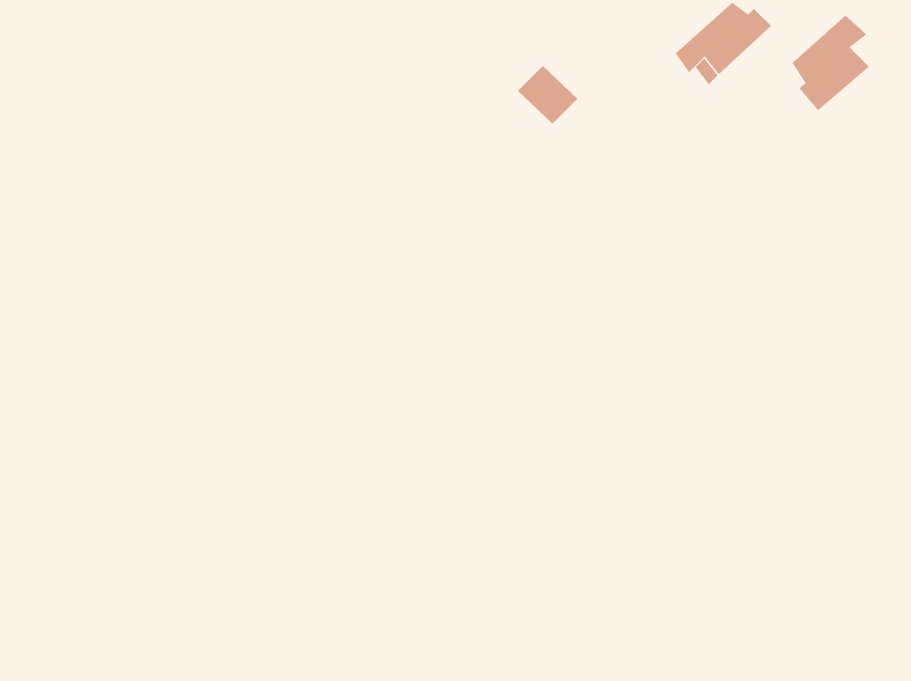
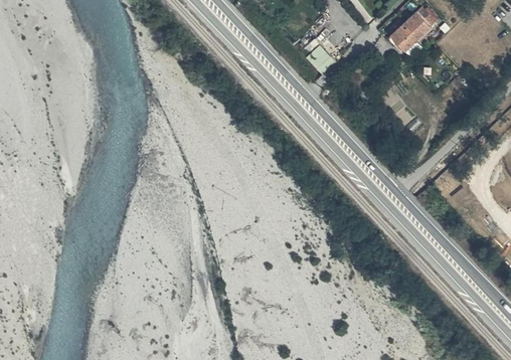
building: [792,15,870,111] -> none

